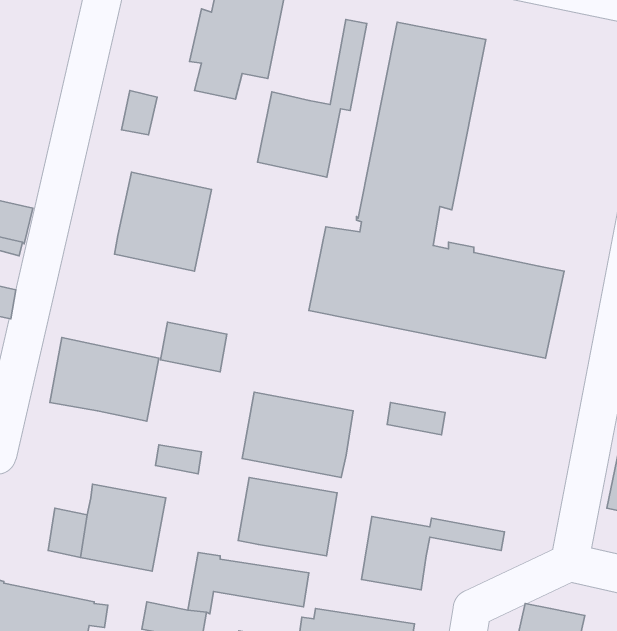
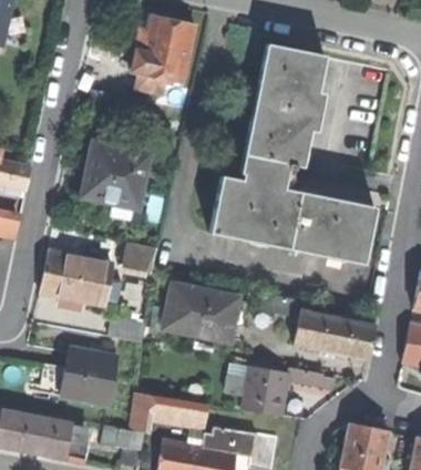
building: [257,19,367,177] -> none
building: none -> [295,310,376,359]
building: [238,477,337,556] -> none

